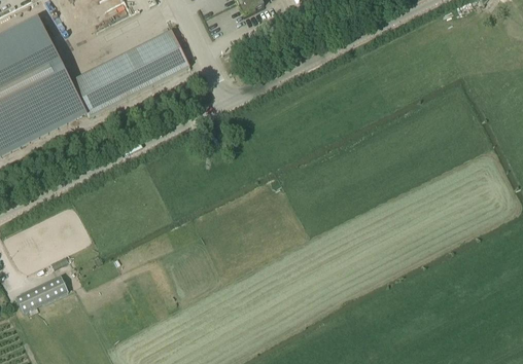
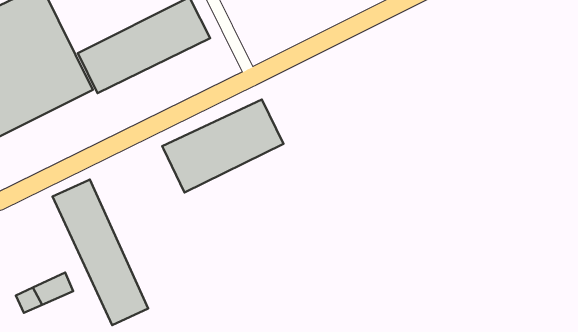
building: none -> [162,99,284,192]
building: none -> [52,180,148,325]

